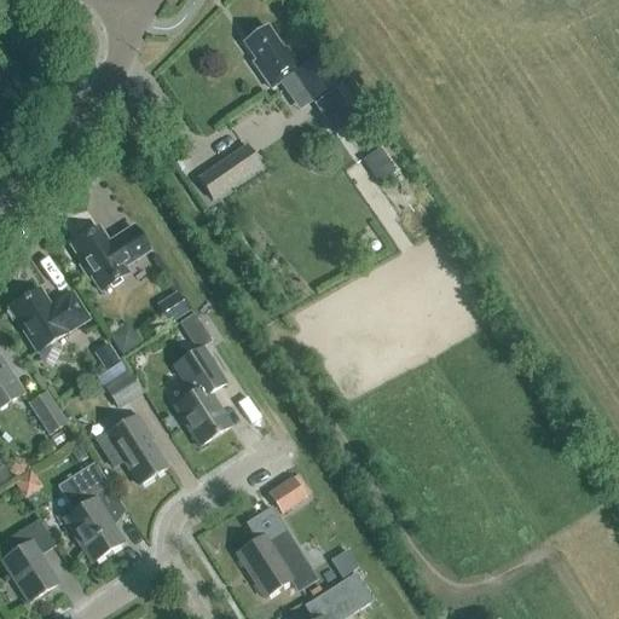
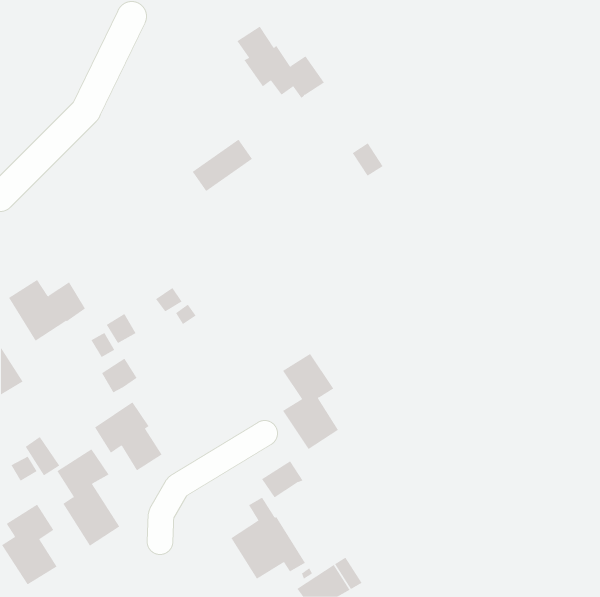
building: [71,225,150,289] -> none
building: [174,346,232,445] -> [282,353,339,450]
building: [31,391,68,432] -> [25,436,60,476]

